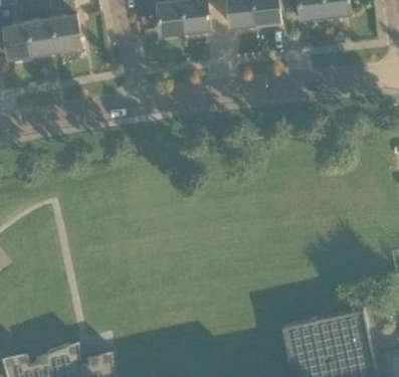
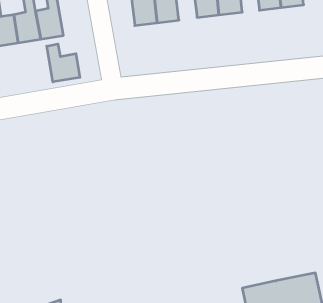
building: none -> [47,44,80,82]

